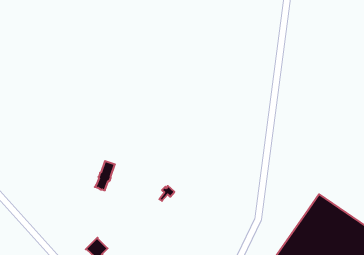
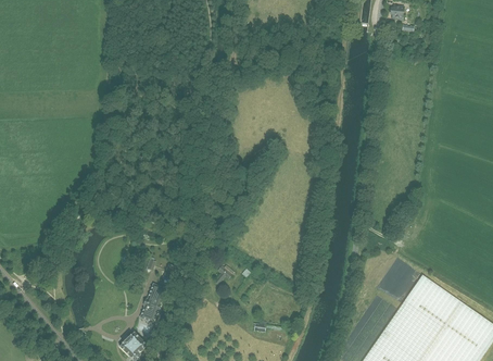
building: [95,161,115,190] -> [140,283,166,321]

